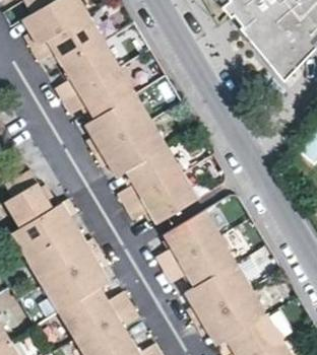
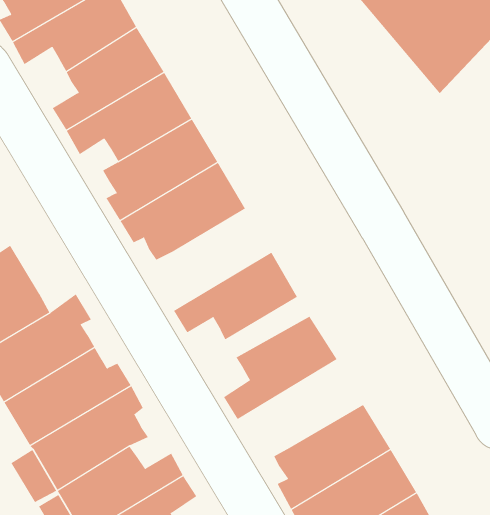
building: [117,146,183,206] -> none
building: [163,234,237,286] -> none

